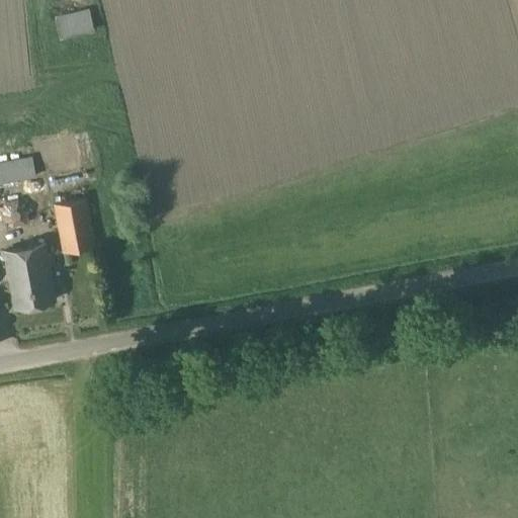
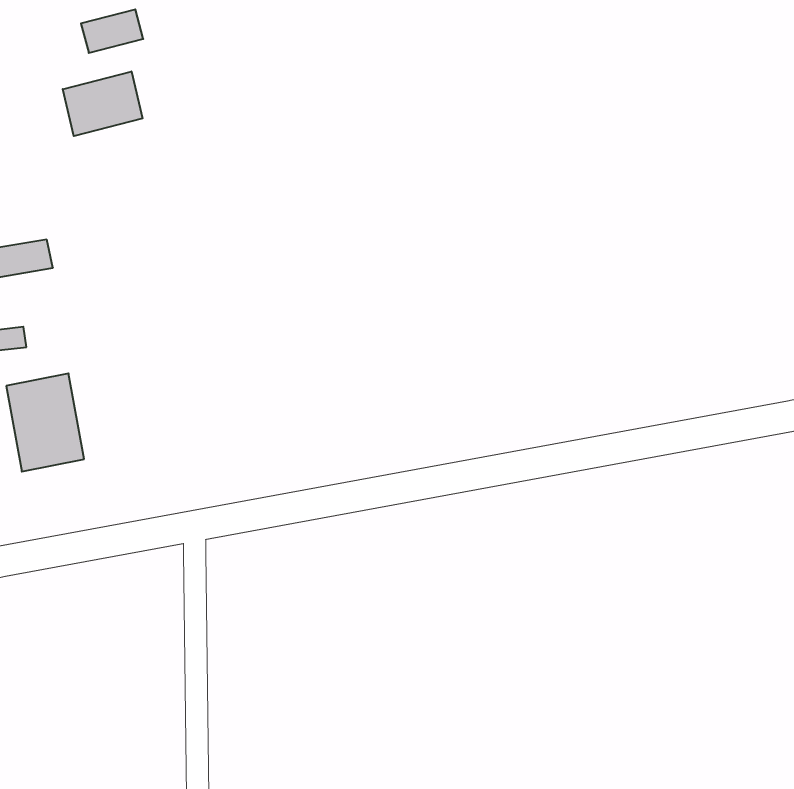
building: none -> [63,71,143,136]
building: [57,202,95,254] -> none

